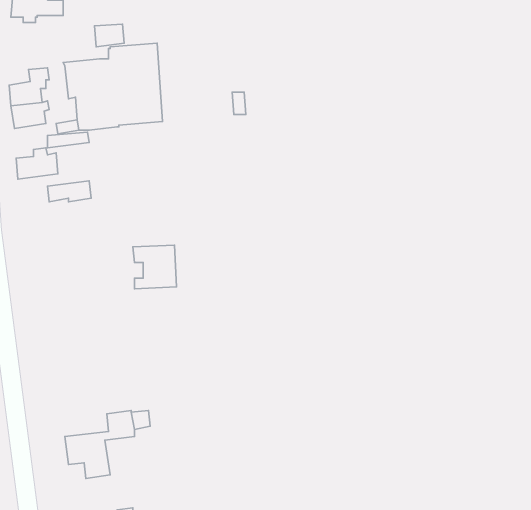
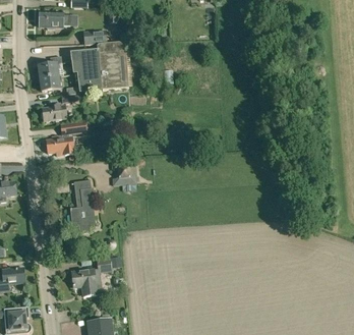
building: none -> [45,132,74,154]
building: none -> [70,179,96,230]

